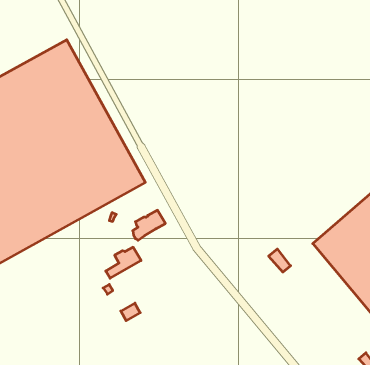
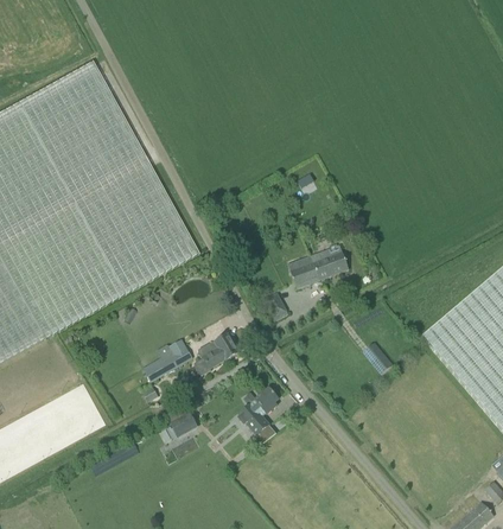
building: none -> [287,244,349,288]
building: [133,210,165,240] -> [195,333,238,374]
building: none -> [240,388,278,434]

